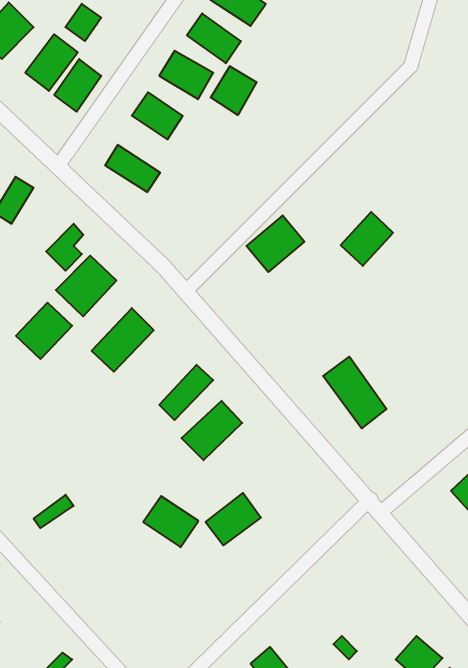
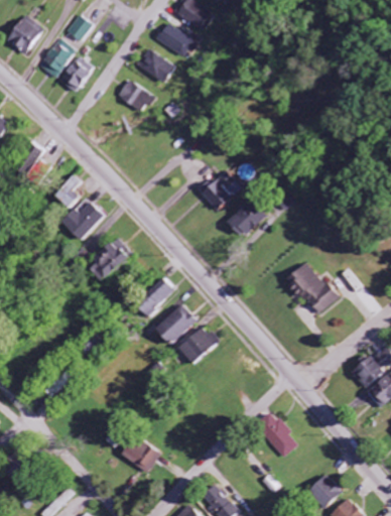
building: [211,66,257,115] -> none
building: [105,145,160,192] -> none
building: [341,212,393,266] -> [227,200,265,239]
building: [16,303,72,359] -> none
building: [323,357,387,428] -> [290,261,337,313]
building: [206,493,261,545] -> [177,326,218,364]
building: [143,496,198,547] -> [120,435,160,473]
building: none -> [255,409,298,458]

